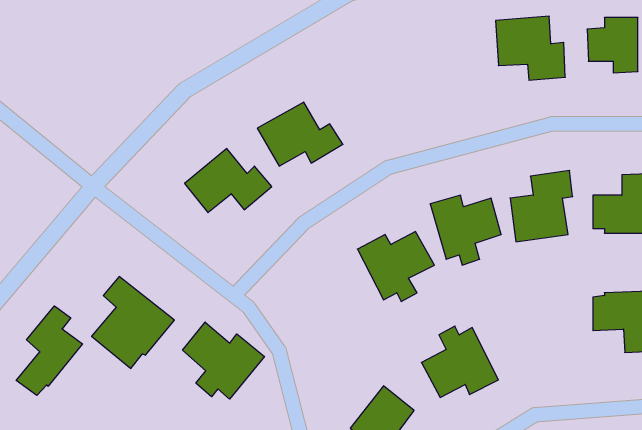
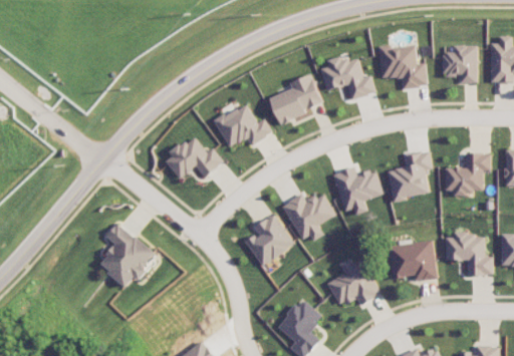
building: none -> [321,55,375,99]
building: none -> [270,74,323,122]
building: none -> [246,214,295,266]
building: none -> [389,240,438,282]
building: [16,306,83,395] -> none
building: [183,322,264,399] -> none

